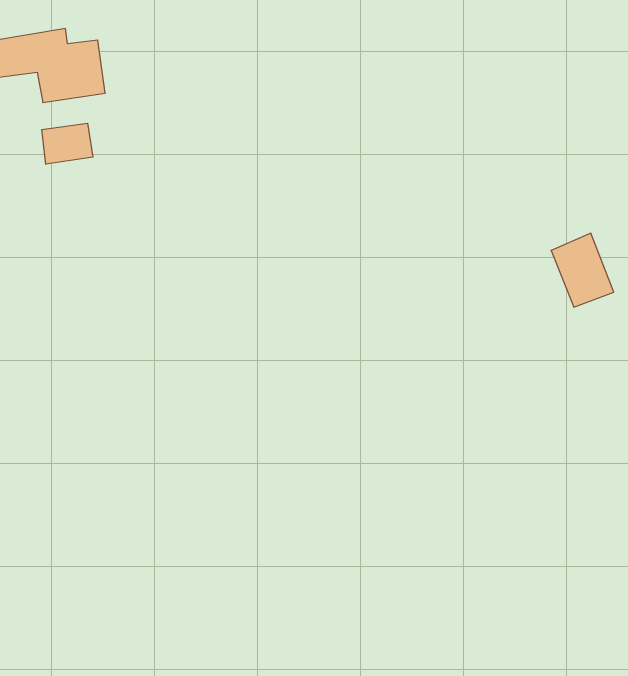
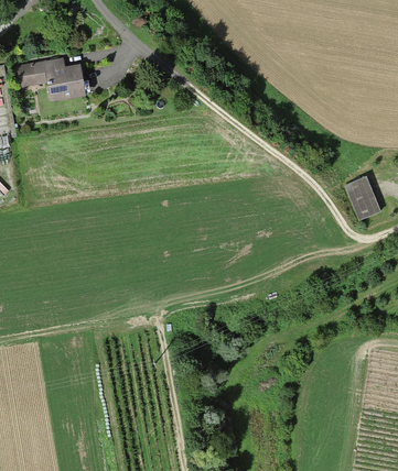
building: [42,123,93,164] -> none

